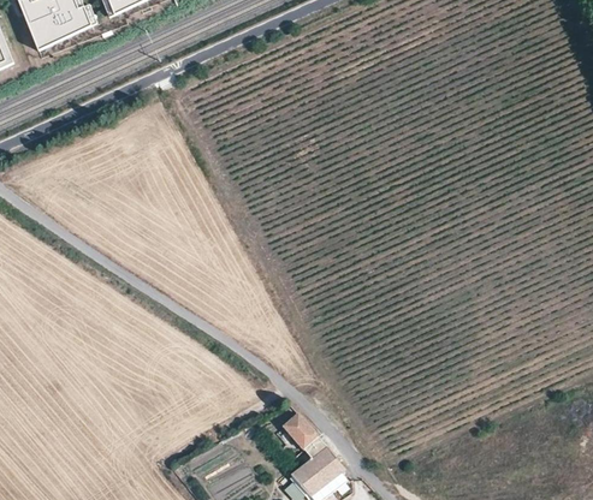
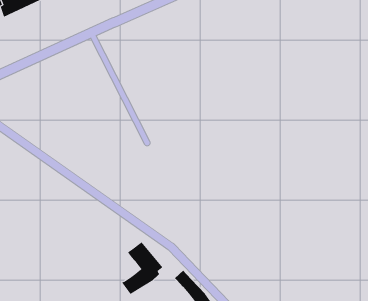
building: none -> [121,241,163,295]

